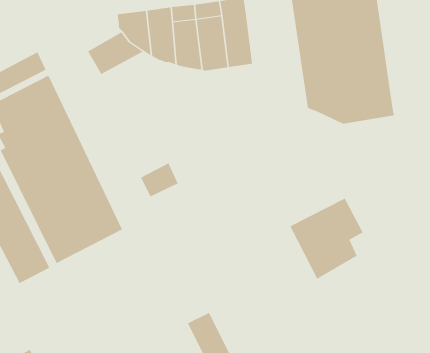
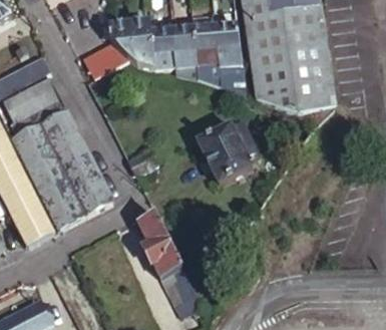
building: none -> [213,23,245,95]
building: [290,198,364,279] -> [198,121,258,188]
building: none -> [138,217,182,279]

